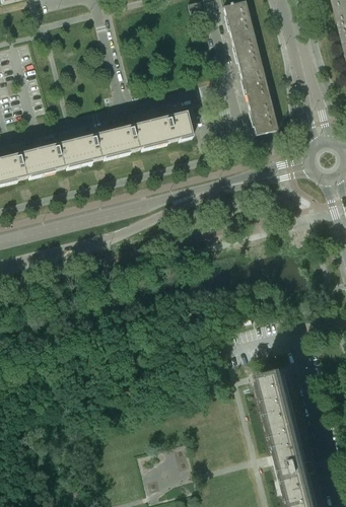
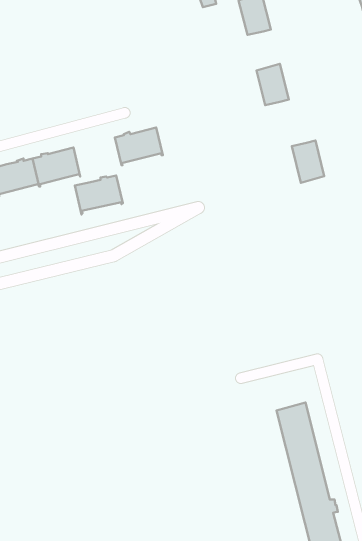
building: [230,31,260,69] -> none
building: [247,95,276,134] -> [292,141,324,183]
building: [147,112,191,146] -> none
building: [72,130,116,165] -> [75,175,123,214]

